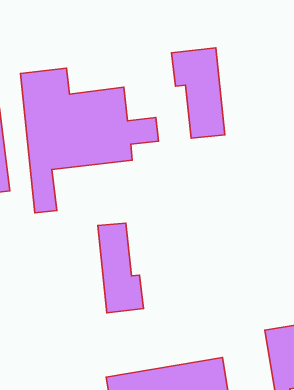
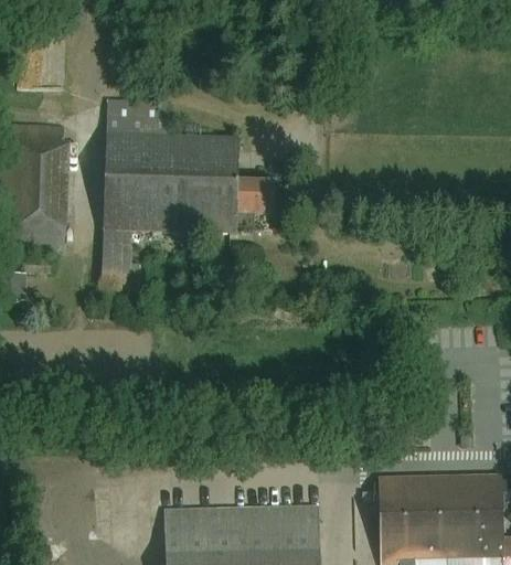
building: [172,48,225,138] -> none
building: [98,223,143,313] -> none

